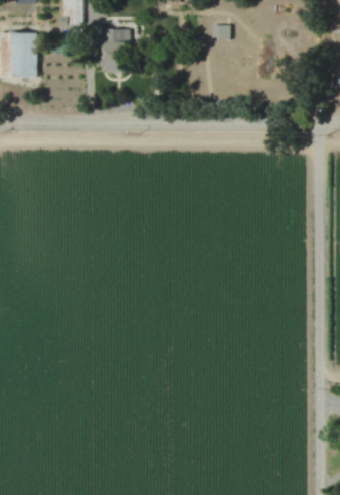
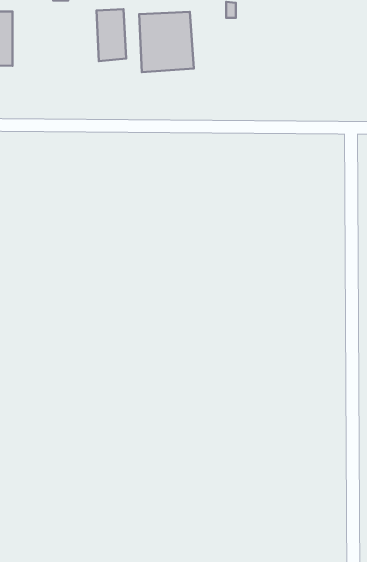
building: none -> [139,12,194,72]

